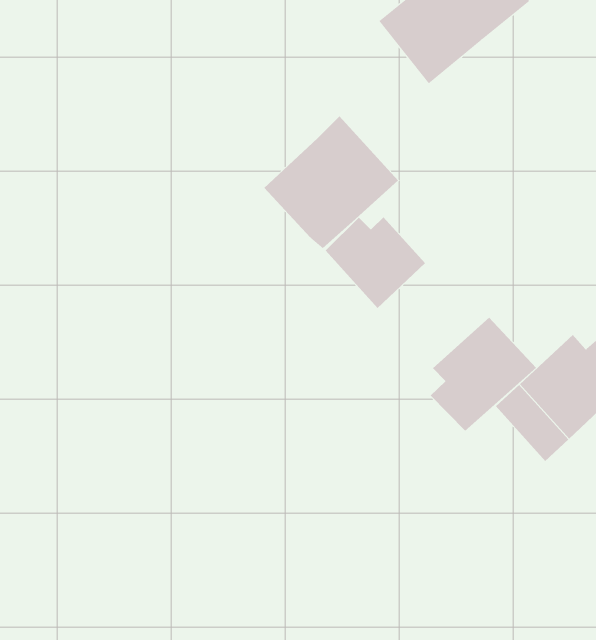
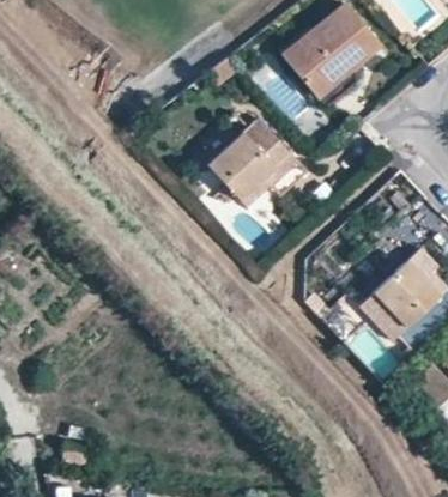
building: [325,217,426,309] -> none
building: [430,317,537,431] -> none

